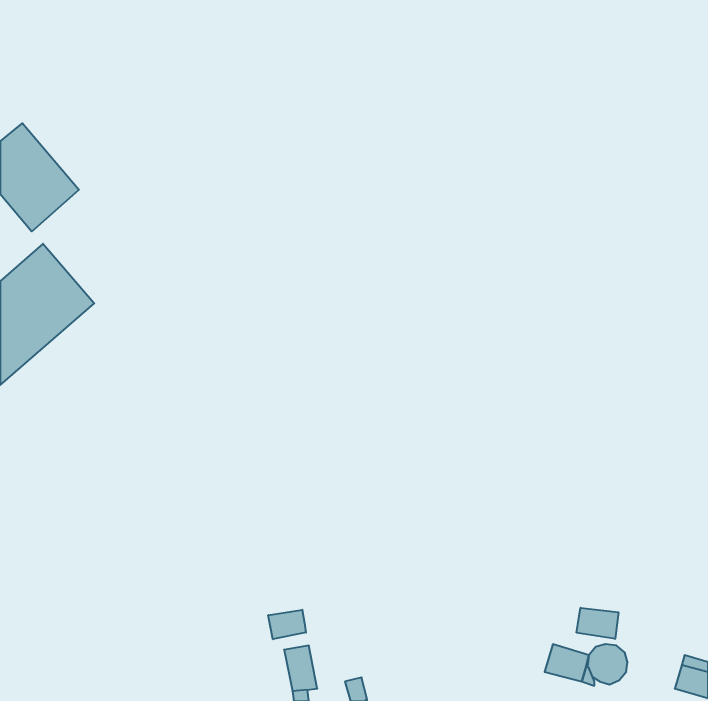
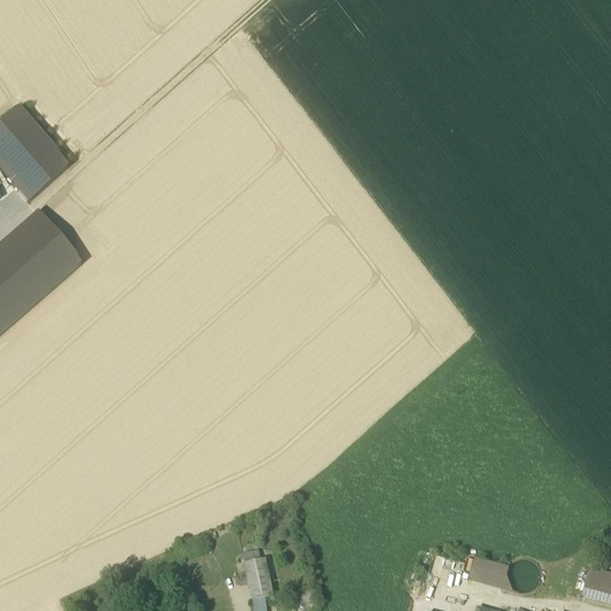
building: [577,608,618,639] -> none
building: [268,610,306,639] -> none

